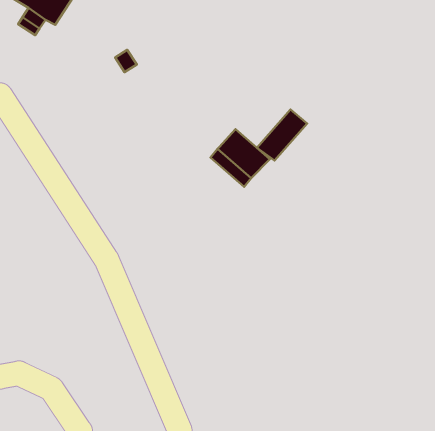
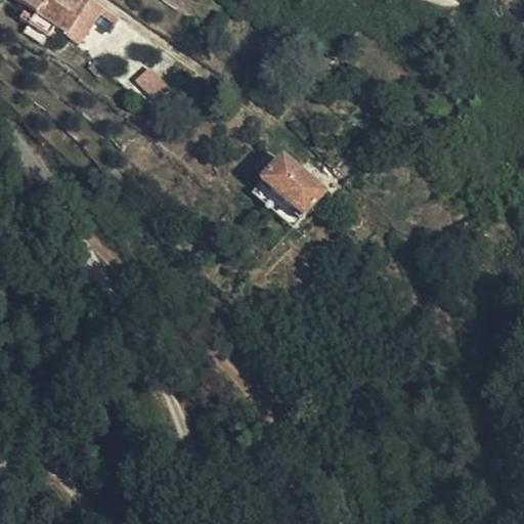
building: [257,110,307,161] -> none

